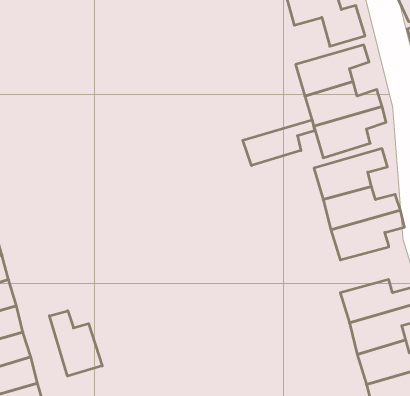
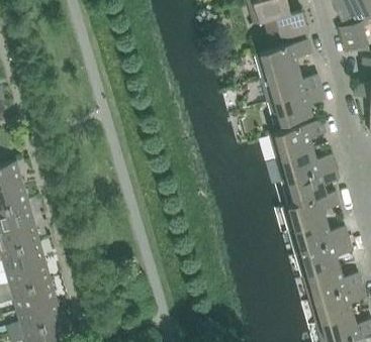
building: [243,120,314,166] -> none
building: none -> [282,192,339,230]
building: [49,311,102,376] -> none

